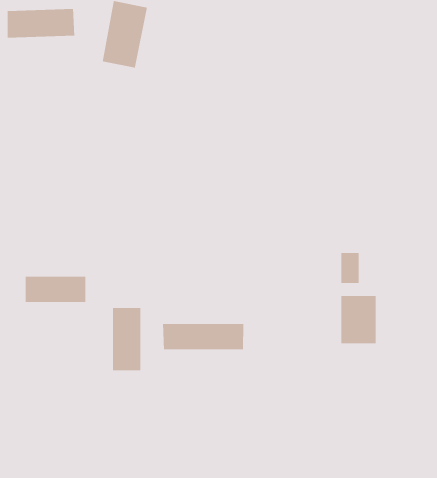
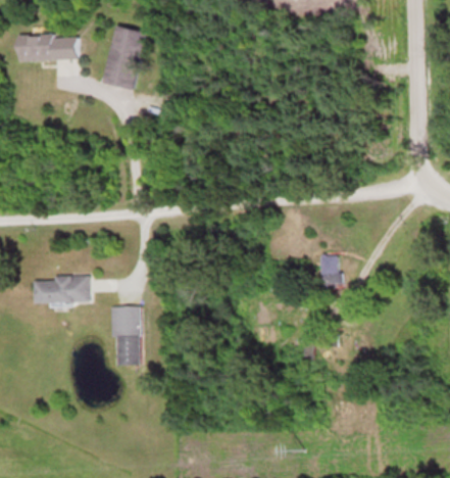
building: [341,295,376,344] -> none
building: [162,323,244,350] -> none

